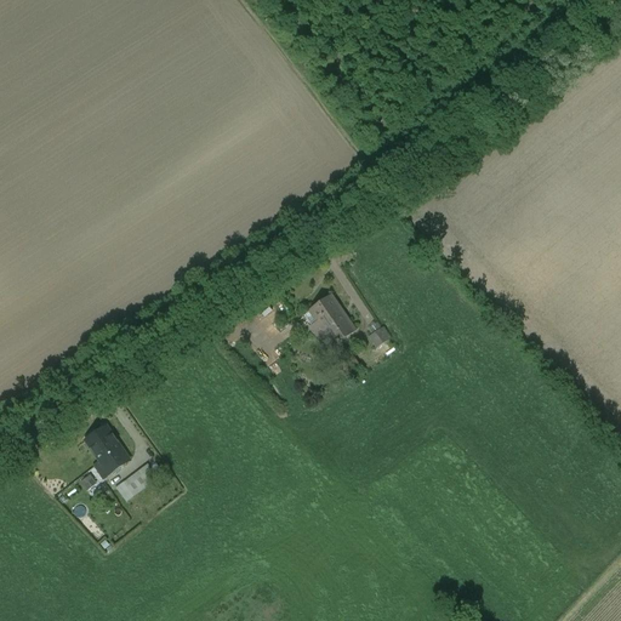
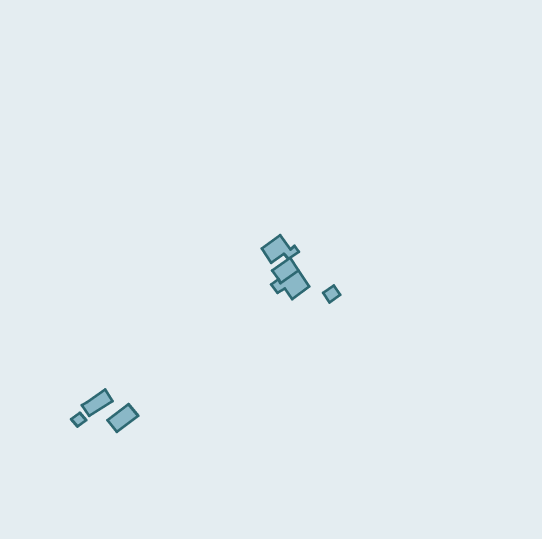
building: none -> [262,235,299,263]
building: [85,425,120,460] -> none

